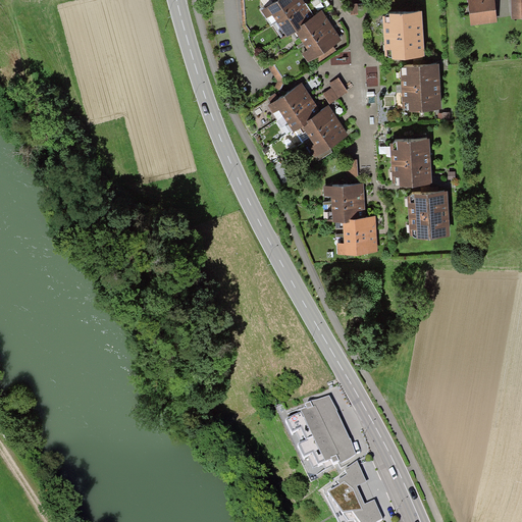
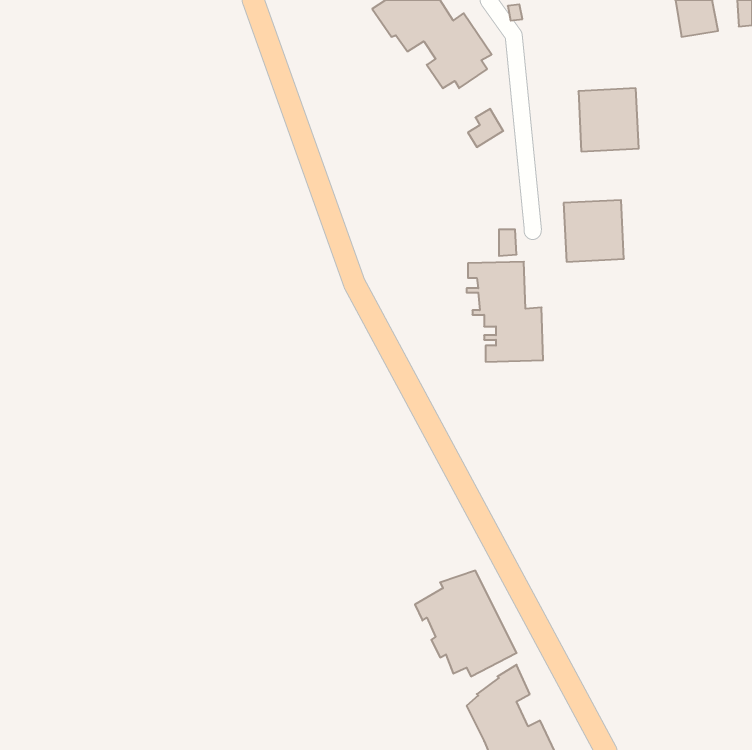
building: [384,9,423,54] -> none
building: [268,82,348,159] -> none
building: [407,192,450,234] -> none

